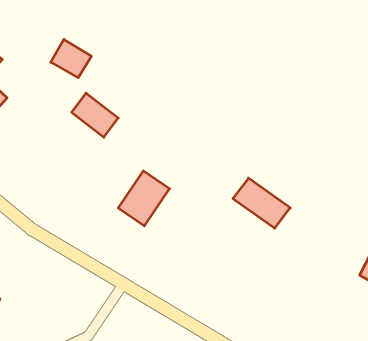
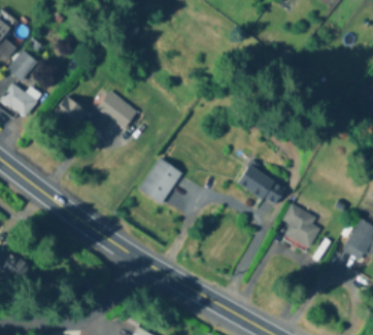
building: [51,39,91,78] -> [53,96,88,129]
building: none -> [276,203,320,249]

